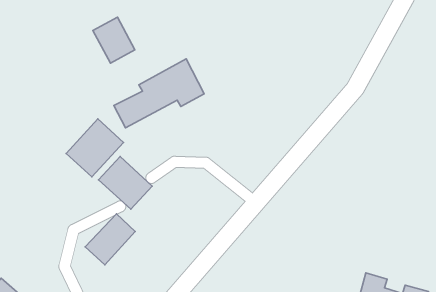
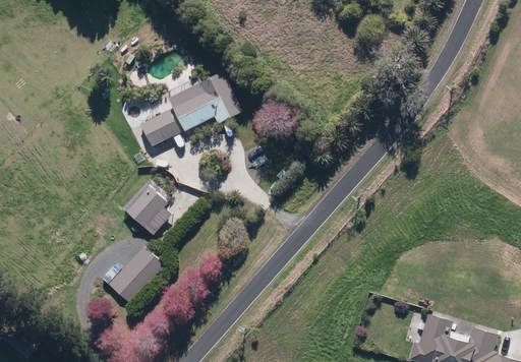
building: [93,17,135,63] -> none
building: [66,119,124,177] -> none

